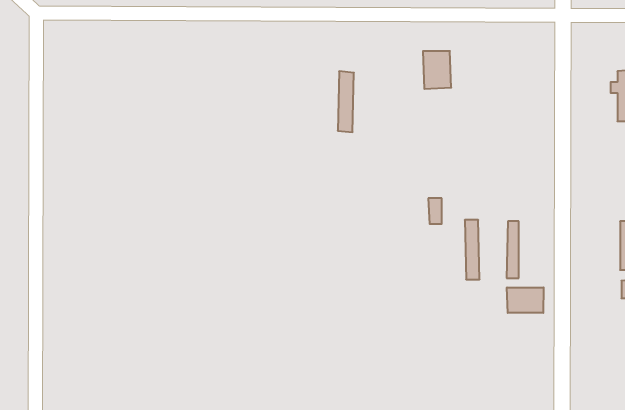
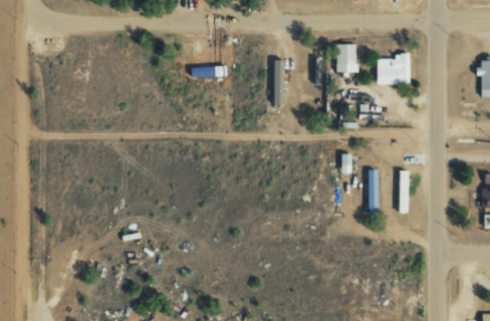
building: none -> [377,53,411,85]
building: [507,287,544,313] -> none

